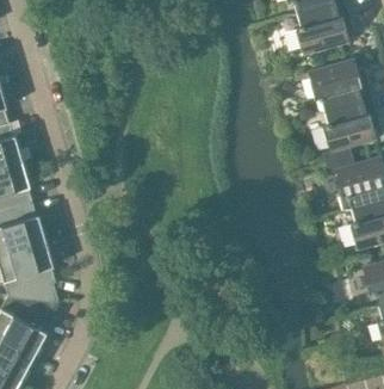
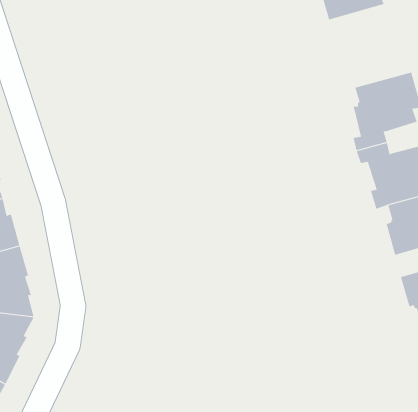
building: [306,58,371,109] -> none

